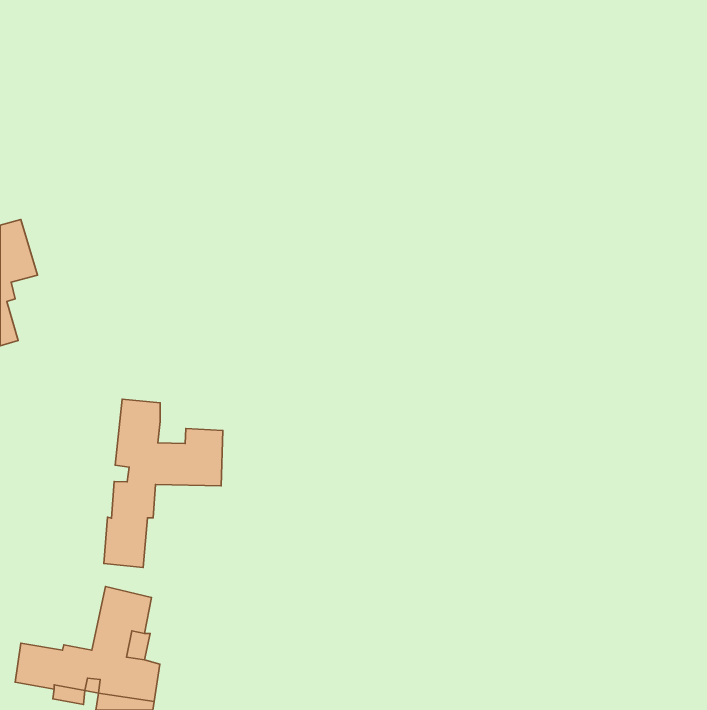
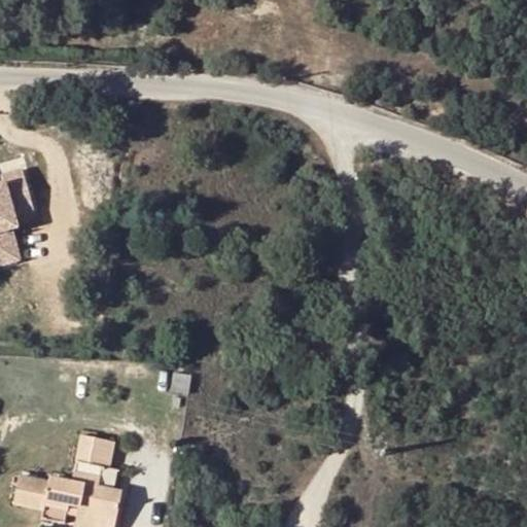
building: [104,399,223,568] -> none

